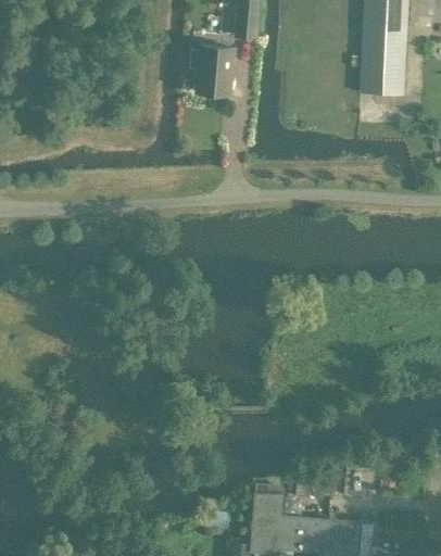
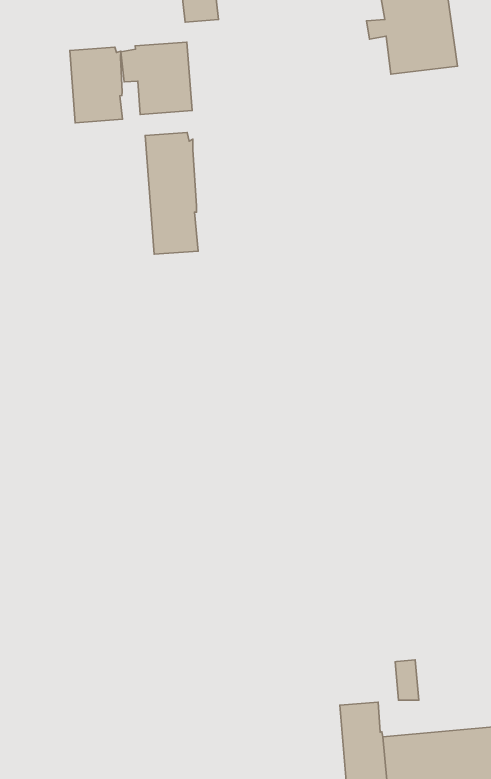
building: none -> [70,47,122,123]
building: none -> [145,132,198,254]

